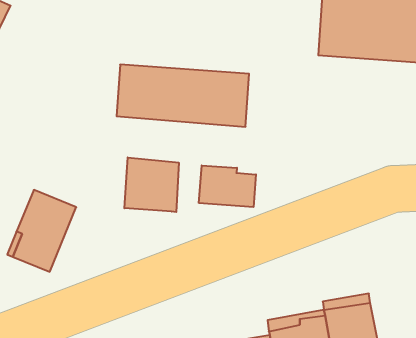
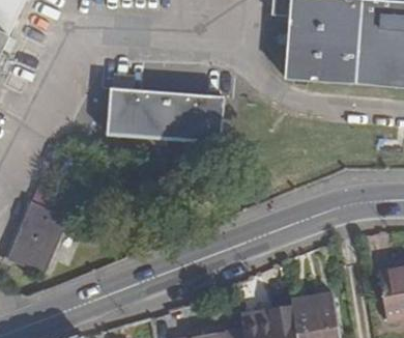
building: [124,157,179,212] -> none
building: [199,165,256,207] -> none

